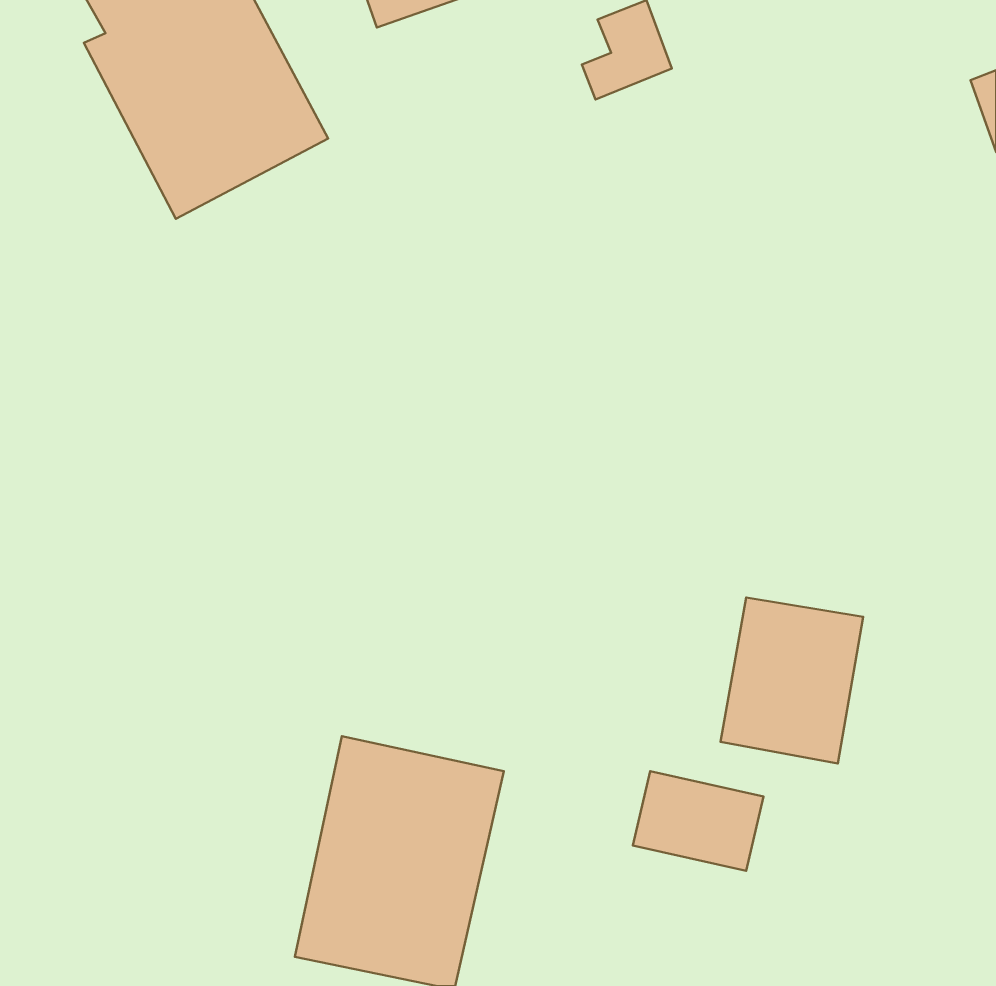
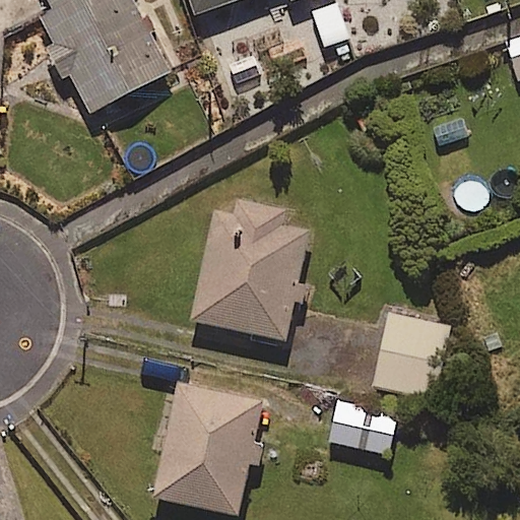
building: none -> [194,198,309,342]

